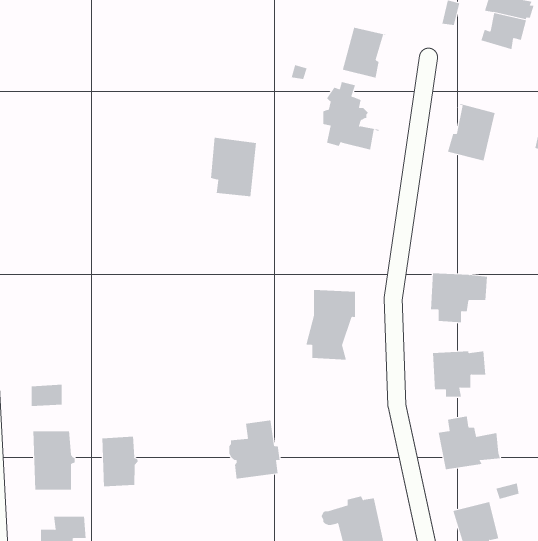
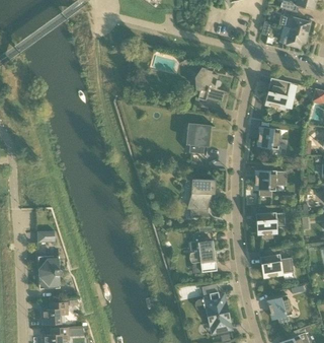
building: [342,27,386,79] -> none
building: [210,137,257,197] -> [183,121,209,153]
building: none -> [258,126,280,149]
building: [228,420,280,479] -> [189,241,218,273]
building: [102,436,138,487] -> none

